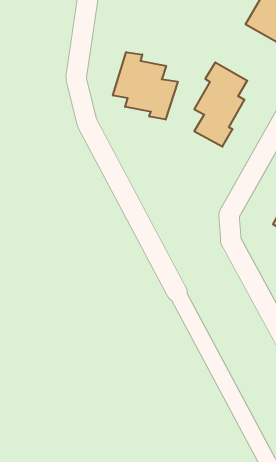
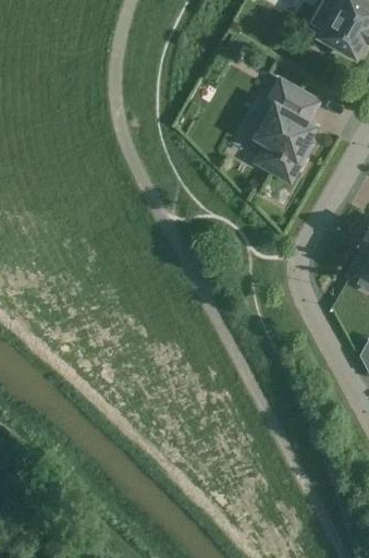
building: [113,52,178,120] -> none

